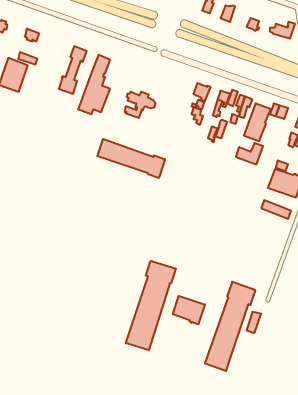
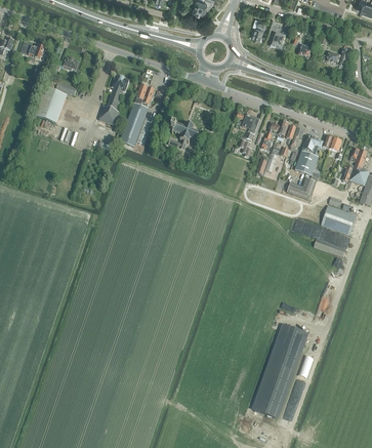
building: [97,139,165,178] -> none
building: [126,261,176,350] -> none
building: [173,296,205,324] -> none

